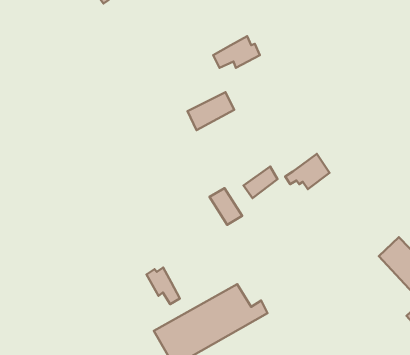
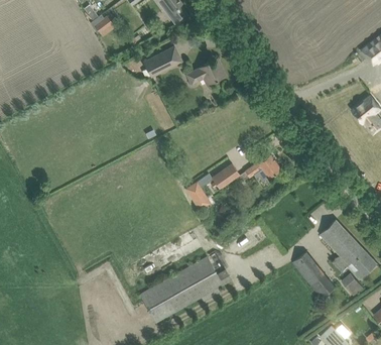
building: [188,92,234,130] -> [144,47,181,78]
building: [147,268,180,304] -> none
building: none -> [292,252,335,300]

